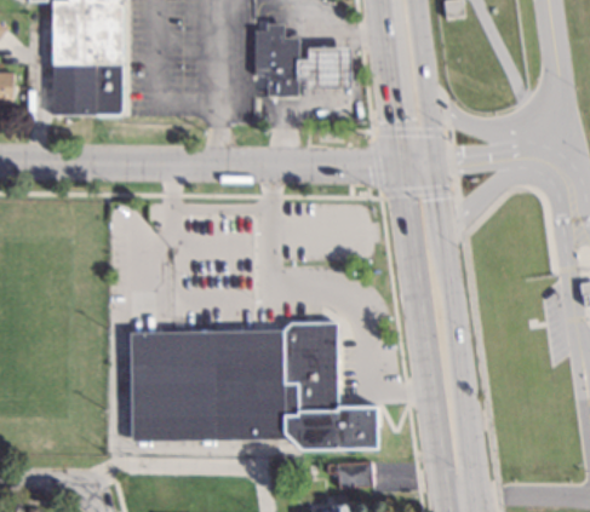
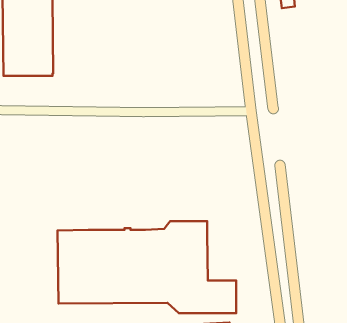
building: [254,23,351,96] -> none

